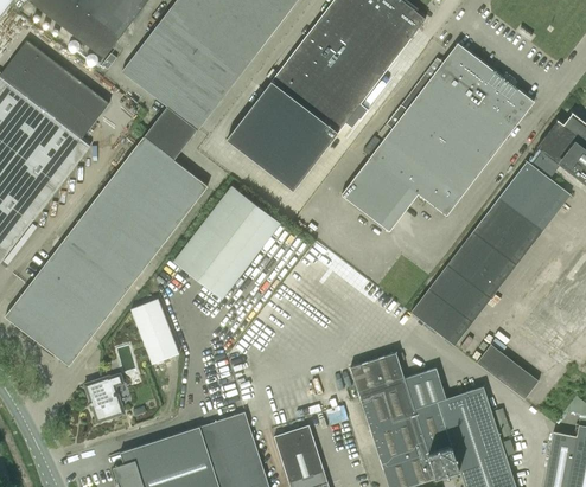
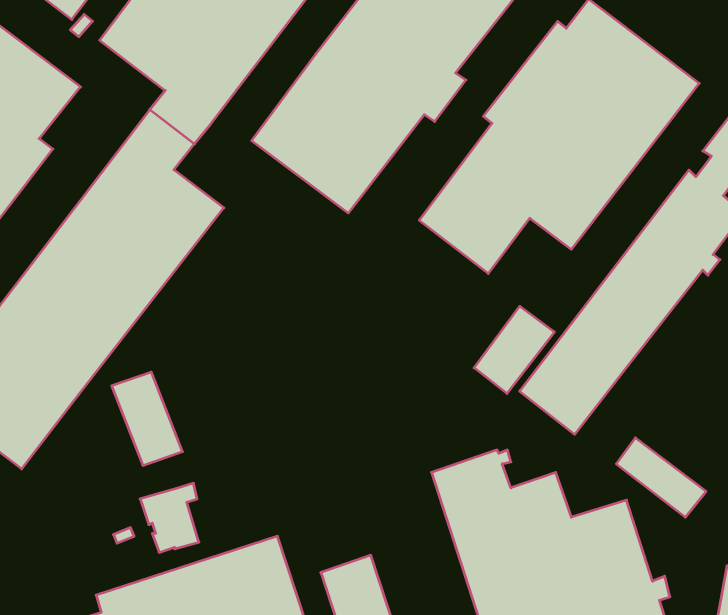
building: [173,185,280,299] -> none
building: none -> [474,306,554,394]
building: [84,373,125,421] -> [140,483,199,552]

